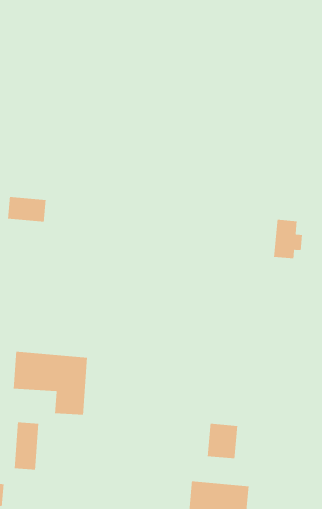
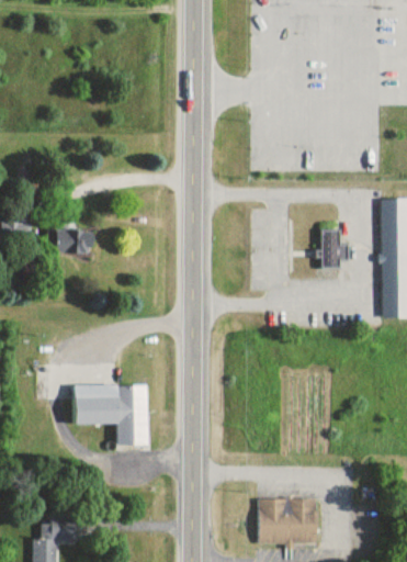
building: [14,422,39,470] -> none
building: [207,423,238,459] -> none

